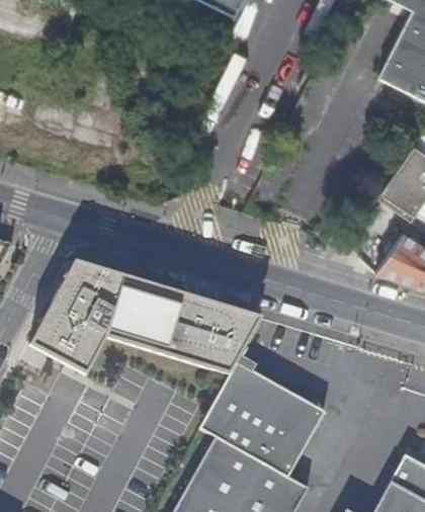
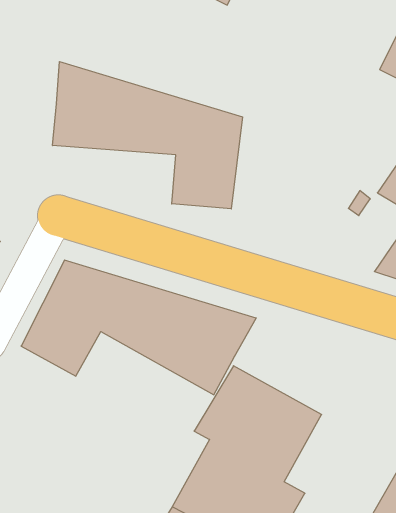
building: none -> [53,62,242,209]

